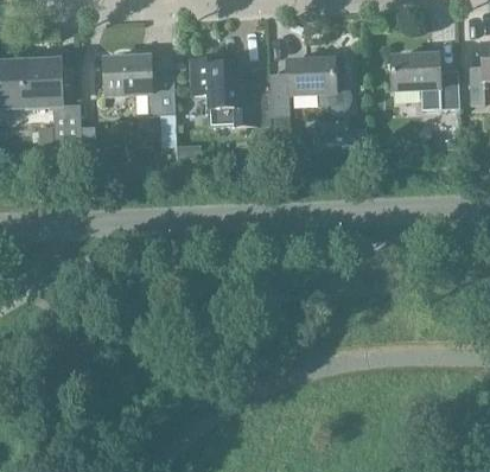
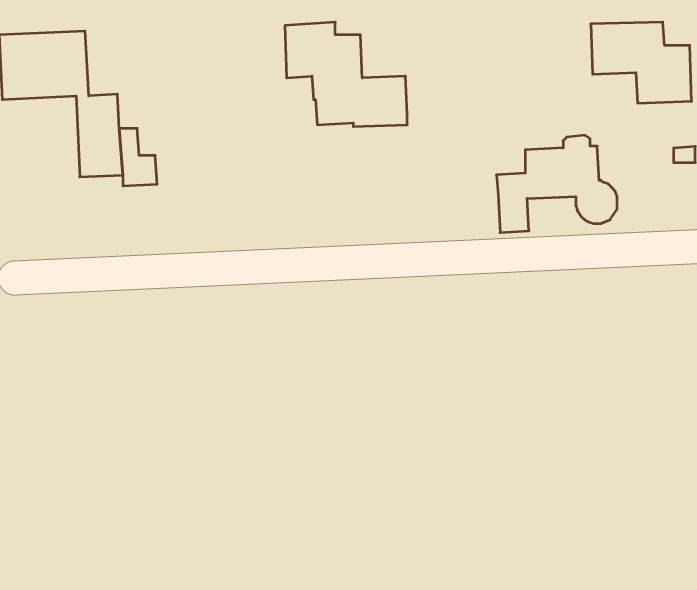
building: [268,52,348,116] -> [496,135,617,233]
building: [103,57,176,114] -> none

